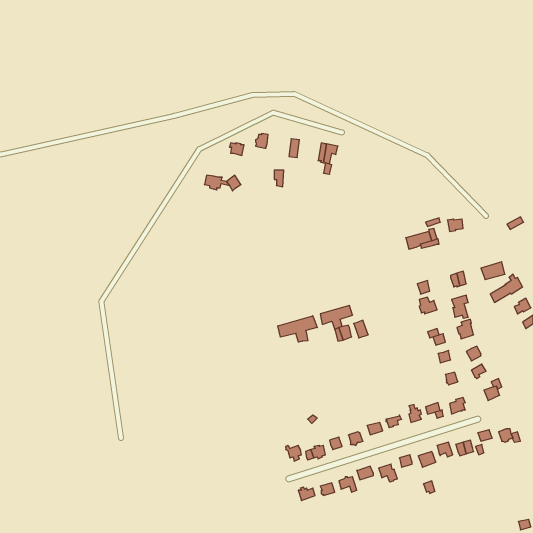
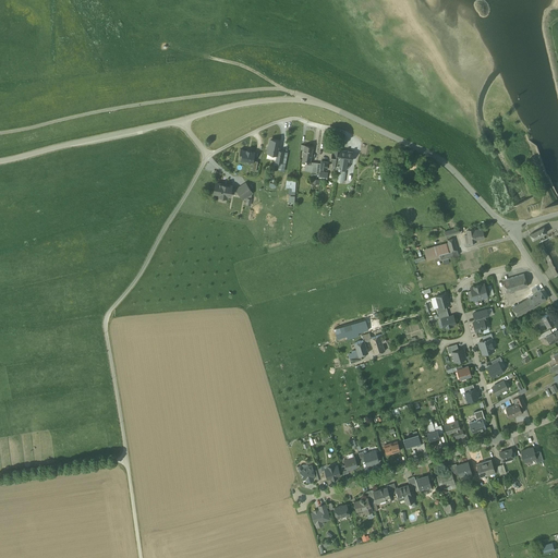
building: [278,316,317,342] -> none

